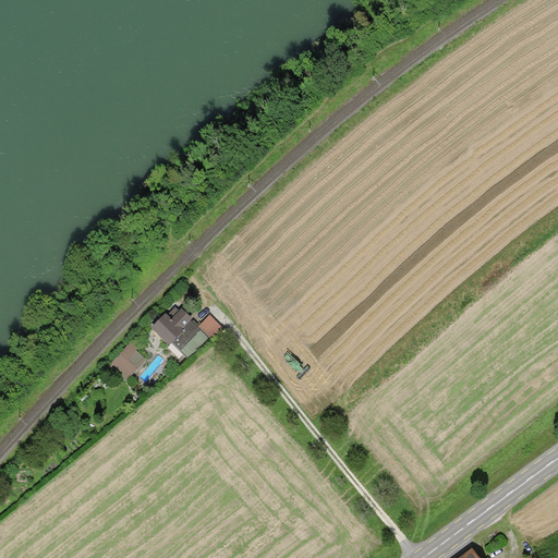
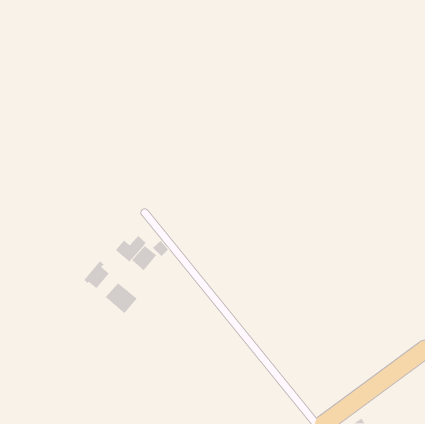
building: none -> [105,282,138,314]

